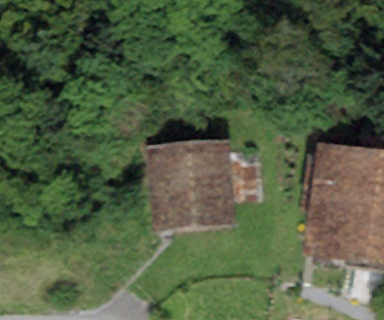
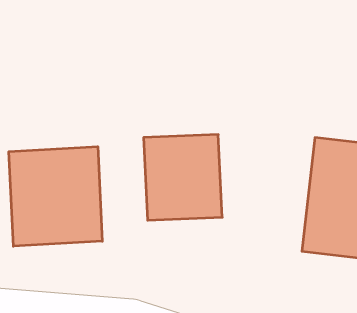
building: none -> [9,147,102,246]

